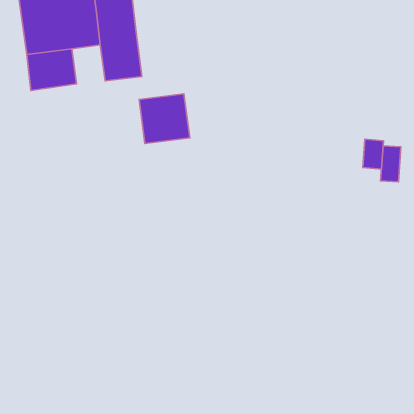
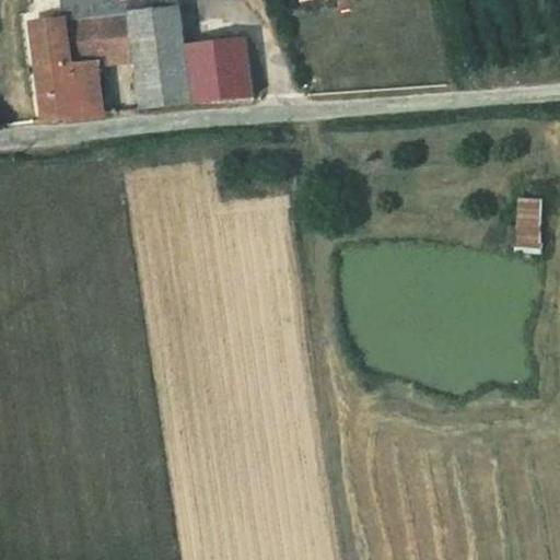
building: [139,94,190,144] -> [183,36,250,103]
building: [363,139,383,169] -> none

